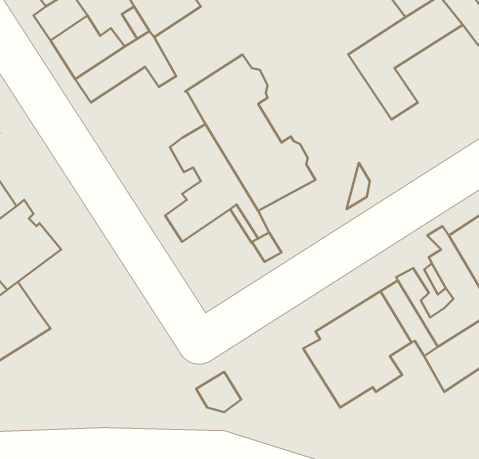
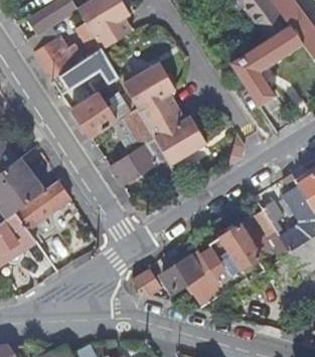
building: none -> [71,76,125,138]
building: none -> [15,179,70,229]
building: none -> [162,250,224,300]

